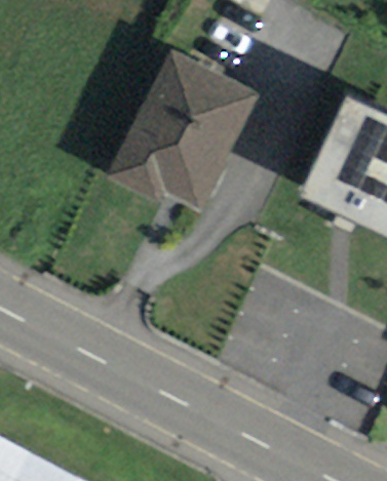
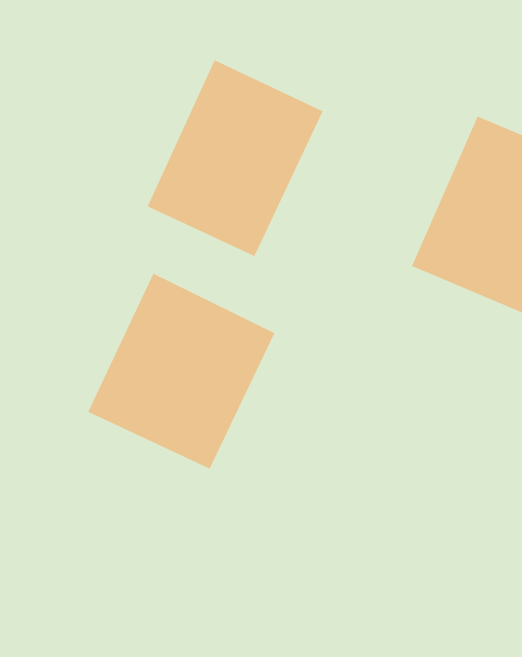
building: none -> [88,273,275,470]

